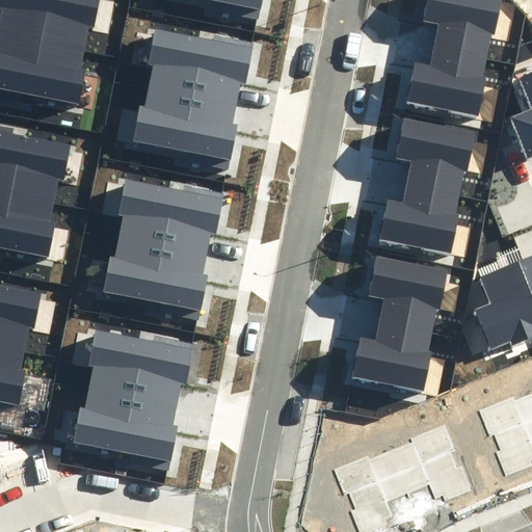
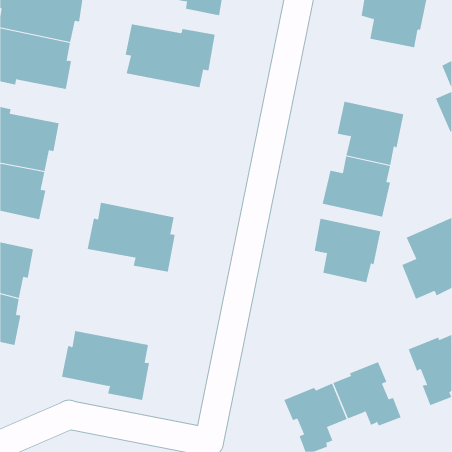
building: [405,46,486,116] -> none
building: [132,86,236,168] -> none
building: [116,179,222,255] -> none
building: [350,320,430,392] -> none
building: [86,329,192,404] -> none

